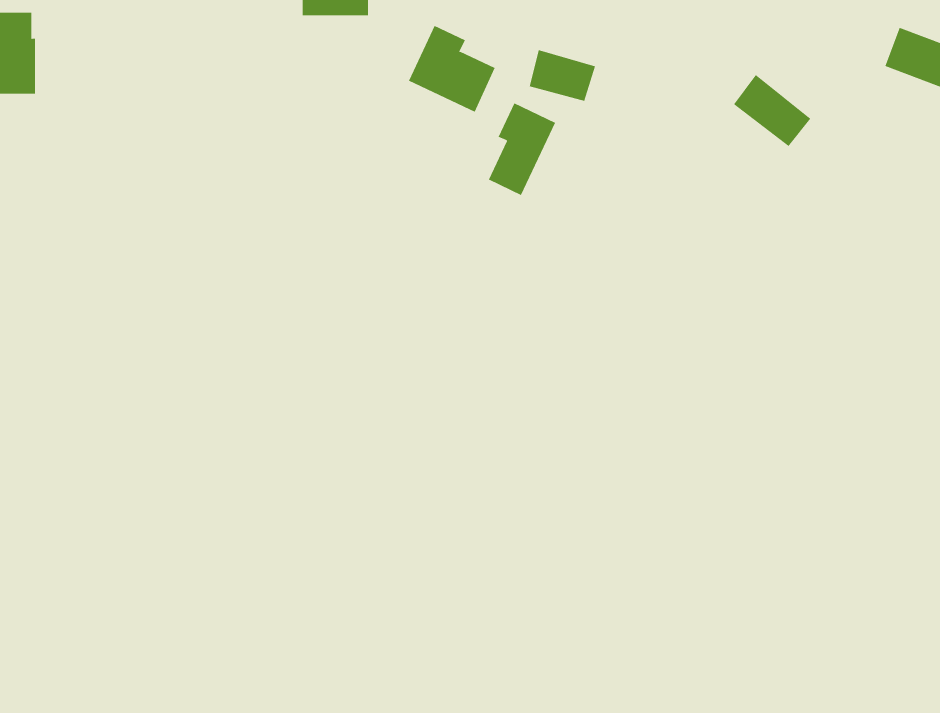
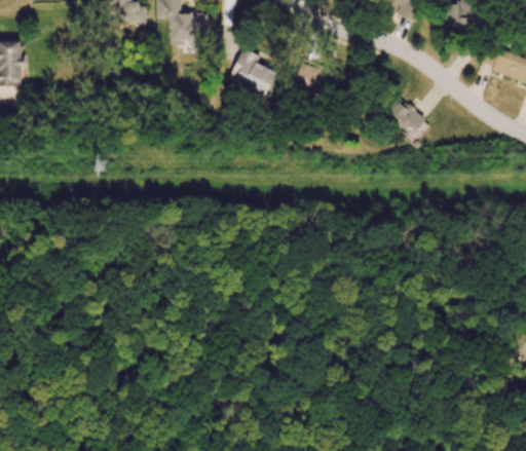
building: [733,74,811,147] -> [382,96,425,136]
building: [488,102,556,196] -> none

